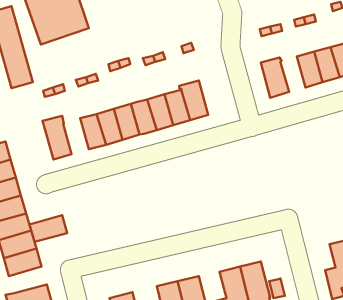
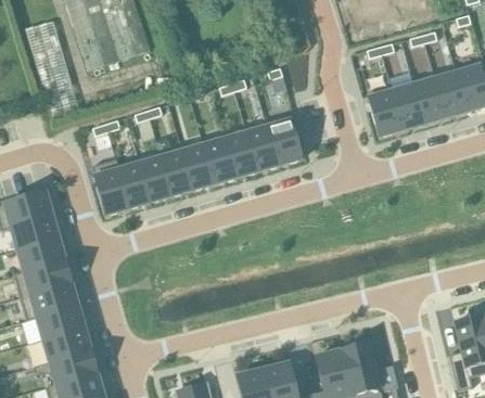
building: none -> [393,85,424,129]
building: none -> [118,163,151,208]
building: [29,215,67,242] -> [50,350,98,384]

